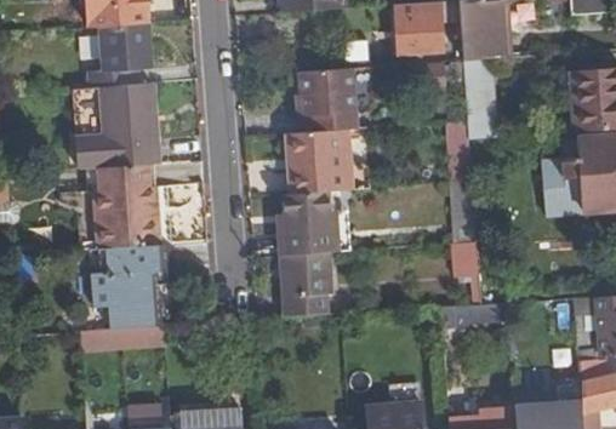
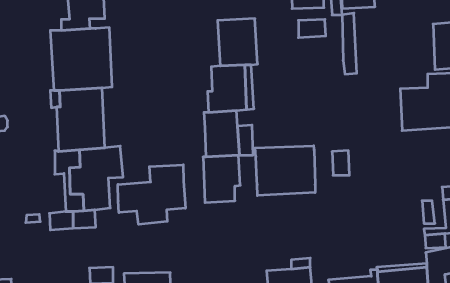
building: none -> [255,146,315,196]
building: none -> [118,165,185,224]

